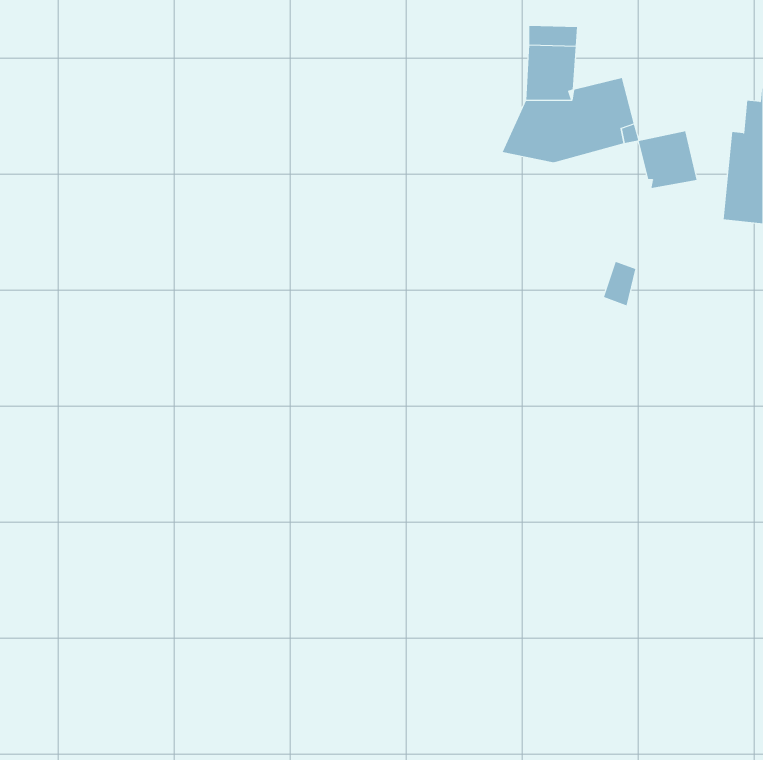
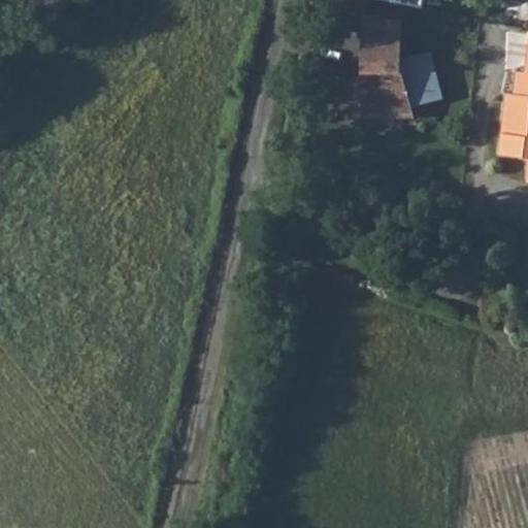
building: [638,131,697,189] -> none

